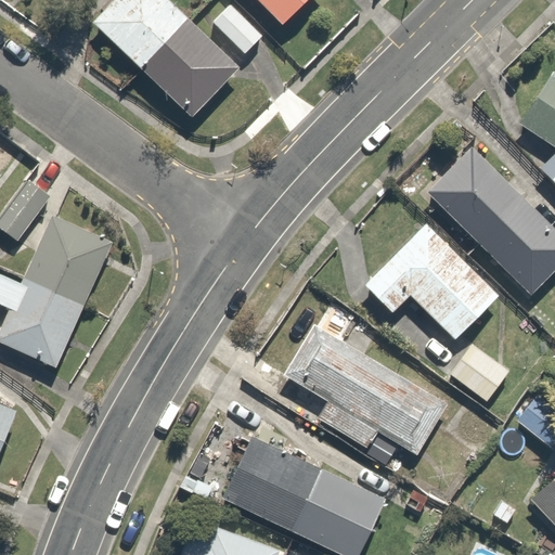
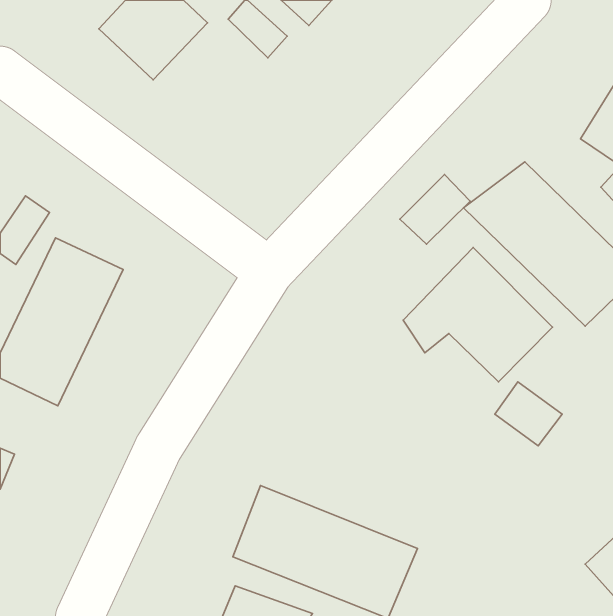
building: [141,22,240,120] -> none
building: none -> [400,174,470,244]
building: [293,328,450,455] -> none

